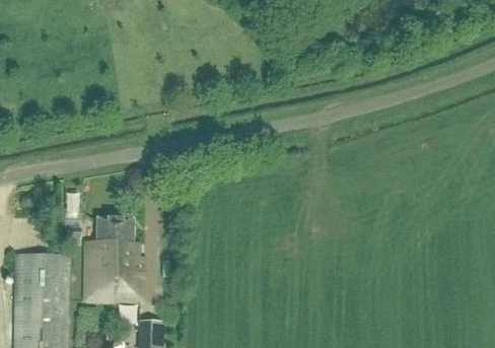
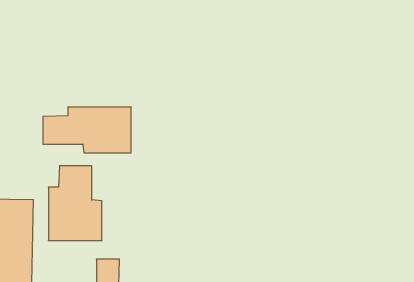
building: none -> [43,107,131,153]

